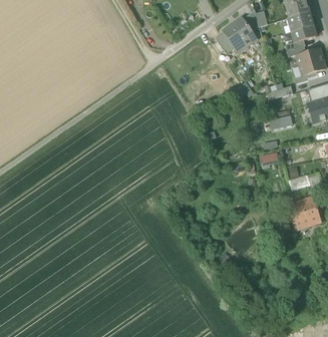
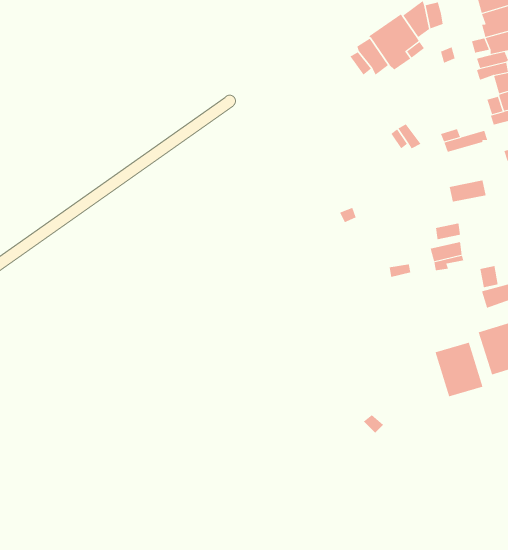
building: none -> [435,342,483,397]

